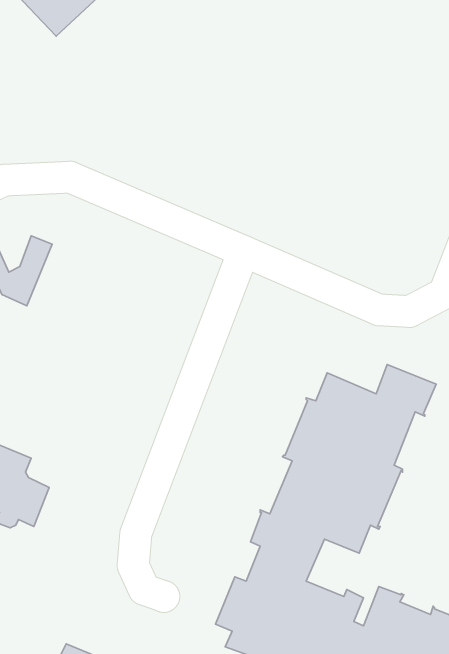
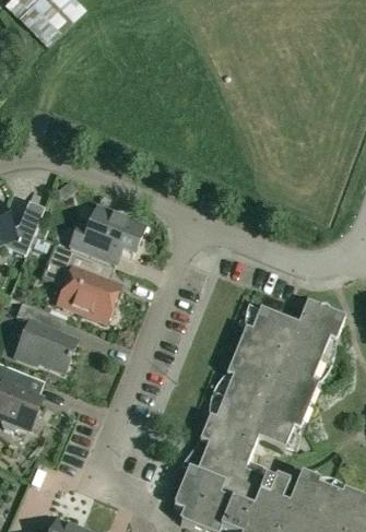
building: none -> [69,204,145,263]
building: none -> [42,245,120,321]
building: none -> [14,302,76,373]

